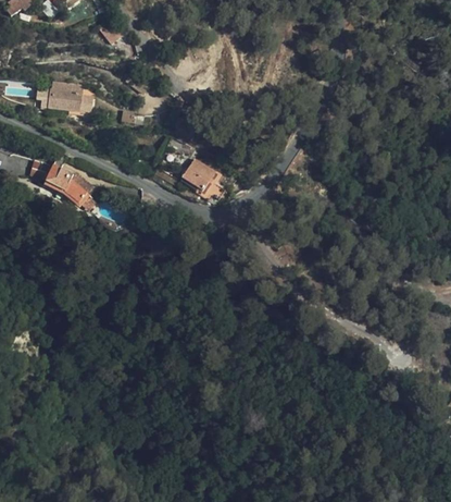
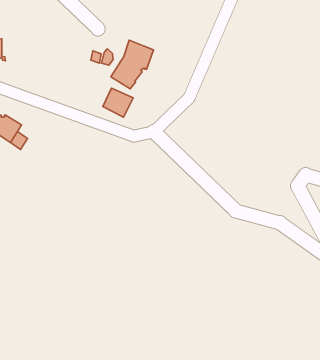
building: none -> [111,40,154,89]

